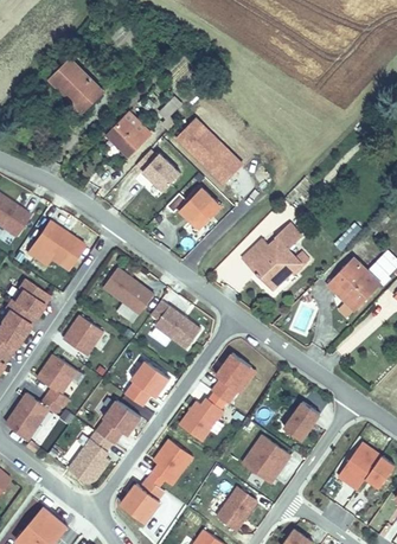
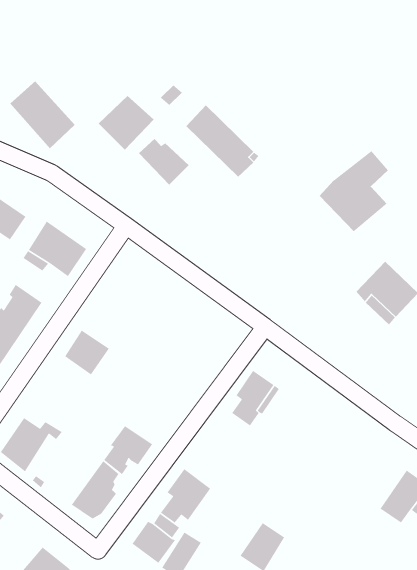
building: [40,56,98,116] -> [10,81,76,149]
building: [169,184,214,229] -> none
building: [238,220,300,293] -> [319,150,389,232]
building: [104,270,154,315] -> none
building: [152,300,201,348] -> none
building: [38,354,79,395] -> none
building: [126,363,169,407] -> none
building: [179,397,223,440] -> none
building: [283,399,320,439] -> none
building: [243,433,292,481] -> none

